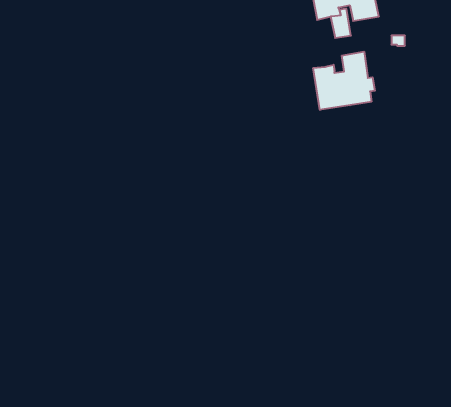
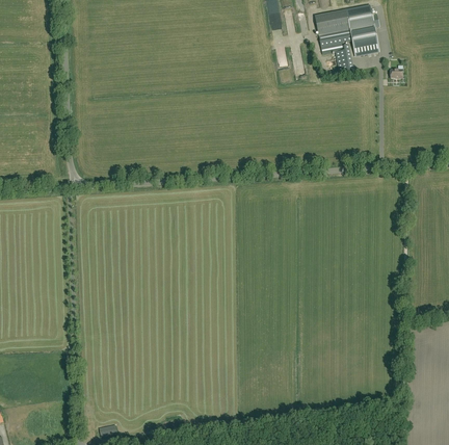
building: [313,52,375,110] -> none

